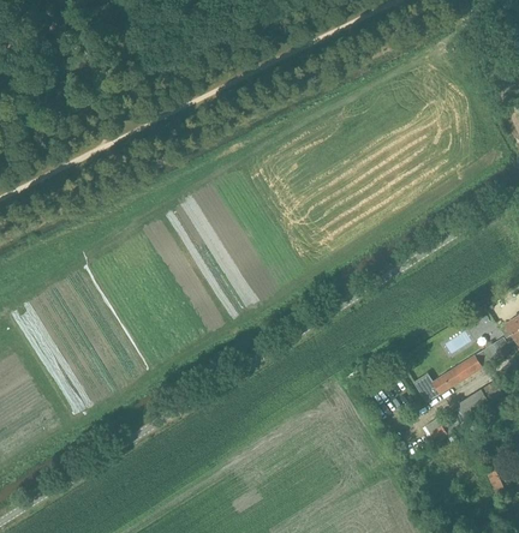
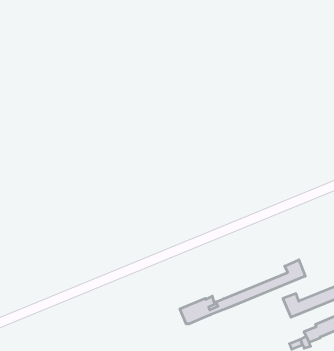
building: none -> [180,260,305,324]

